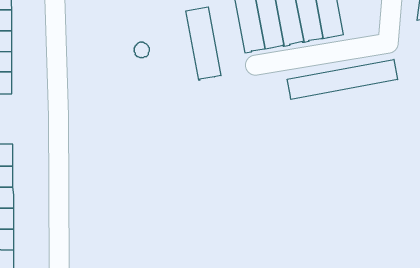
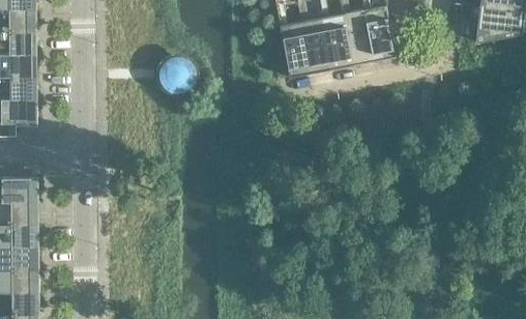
building: [186,7,221,80] -> none
building: [287,59,398,99] -> none

